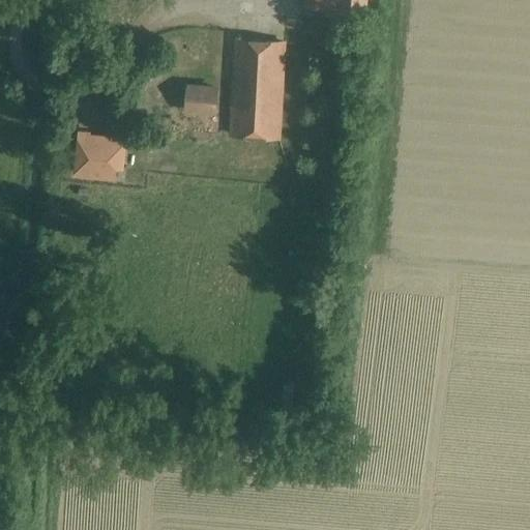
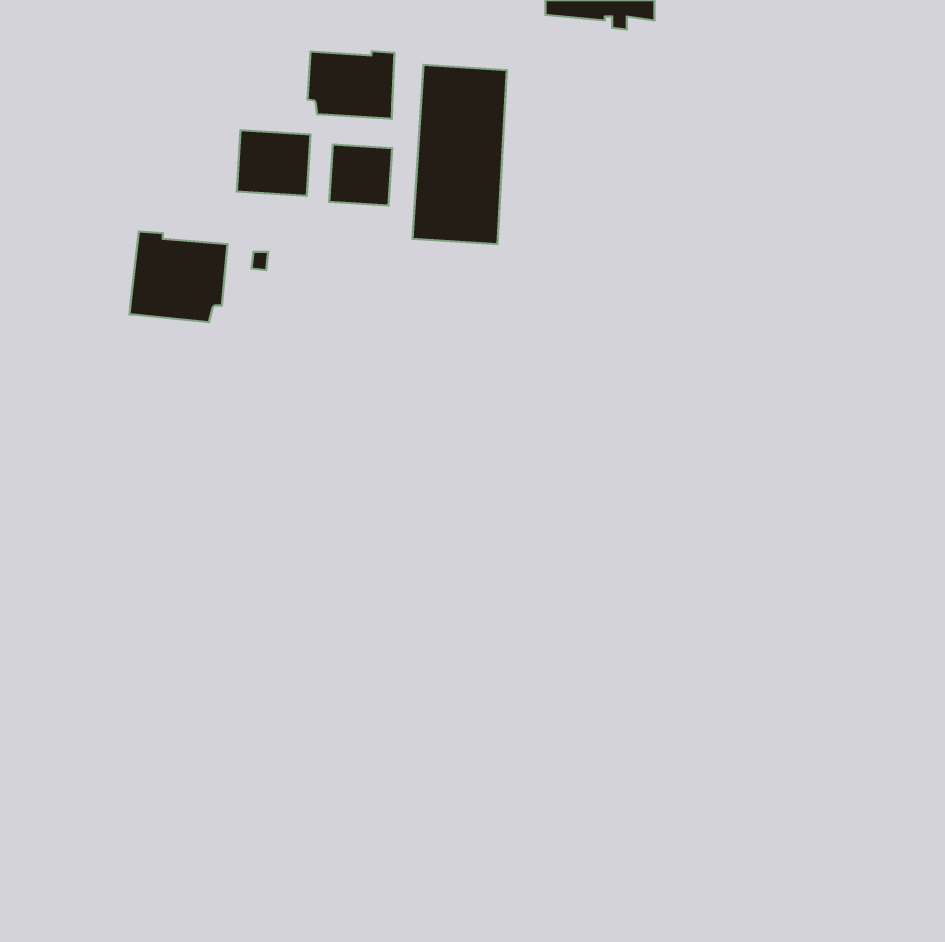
building: none -> [307,51,394,119]
building: none -> [237,130,311,196]

